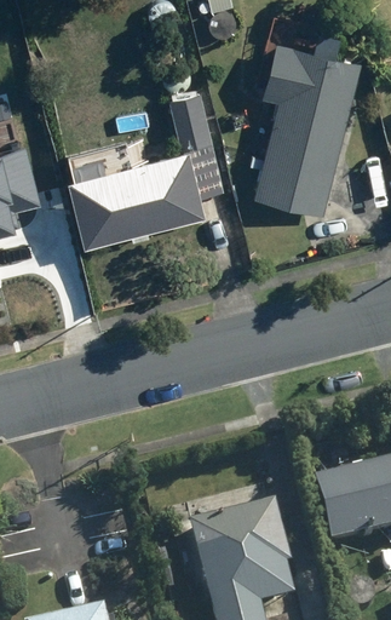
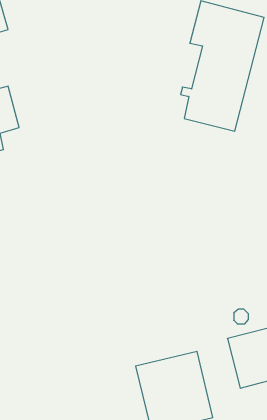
building: [69,90,226,247] -> none

